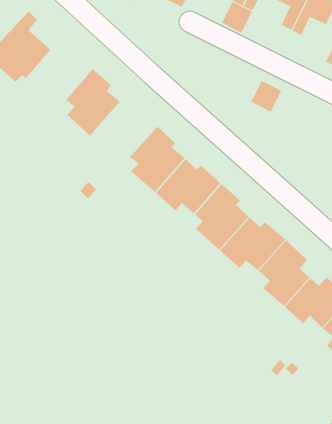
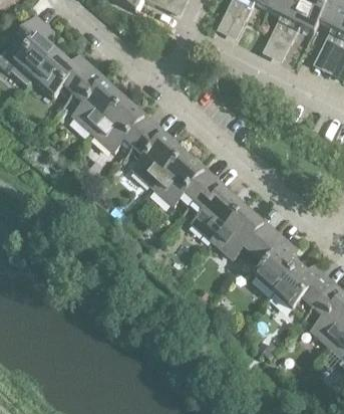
building: none -> [36,54,97,100]
building: [250,80,282,113] -> [262,31,291,61]
building: none -> [95,102,157,154]

